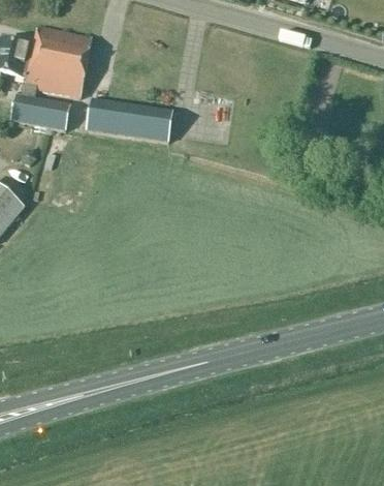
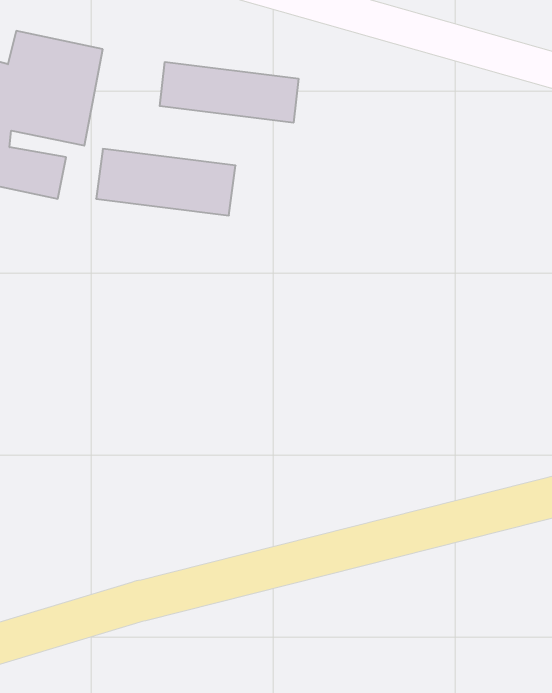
building: none -> [160,62,298,123]

